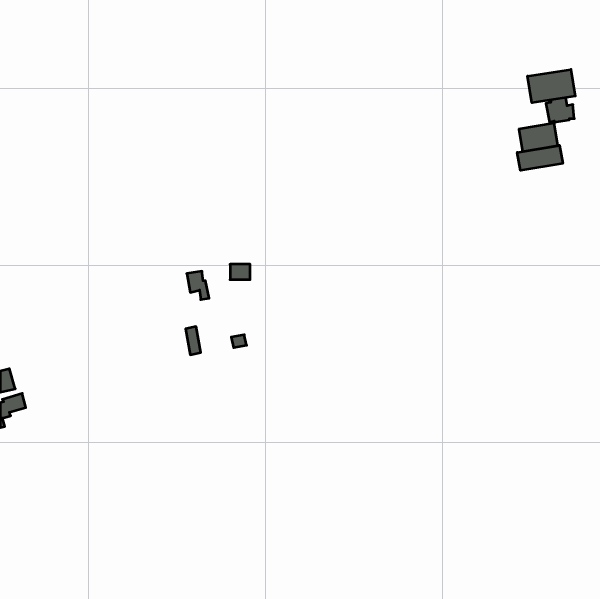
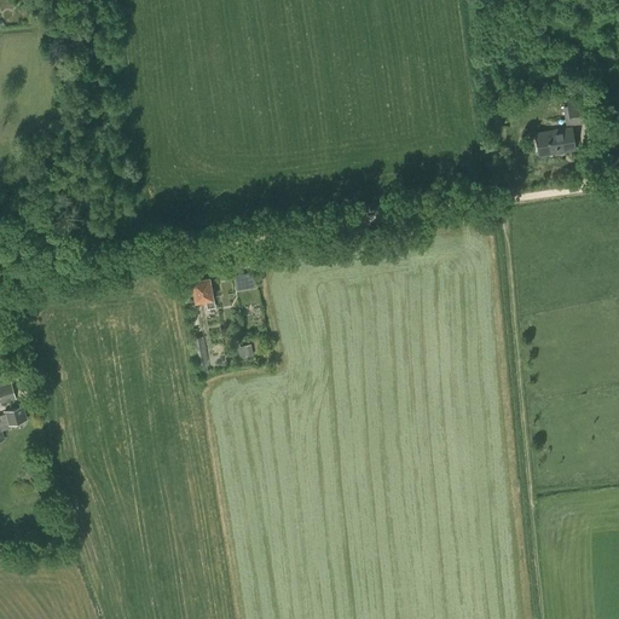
building: [528,69,575,103] -> none
building: [517,145,563,170] -> none

